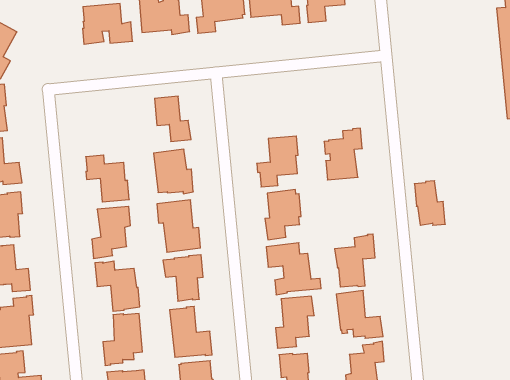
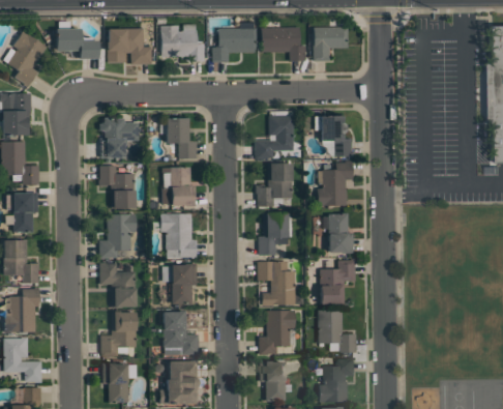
building: none -> [58,28,100,59]
building: none -> [316,116,352,156]
building: none -> [256,116,294,159]
building: none -> [101,118,138,158]
building: [414,181,445,225] -> [329,213,354,254]

